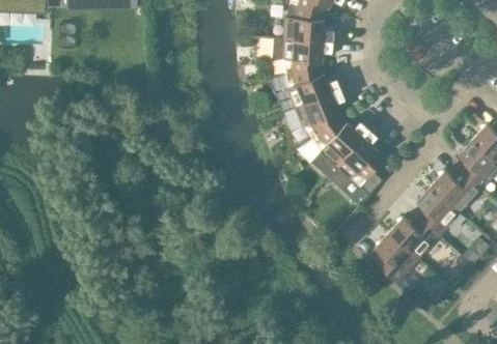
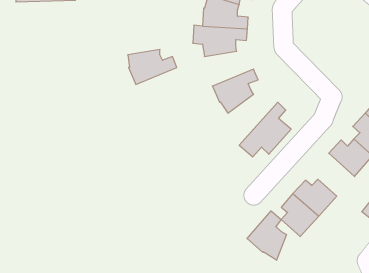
building: [286,67,343,108] -> [128,49,177,84]
building: [311,117,371,176] -> none
building: [417,185,461,235] -> none
building: none -> [247,211,287,260]

